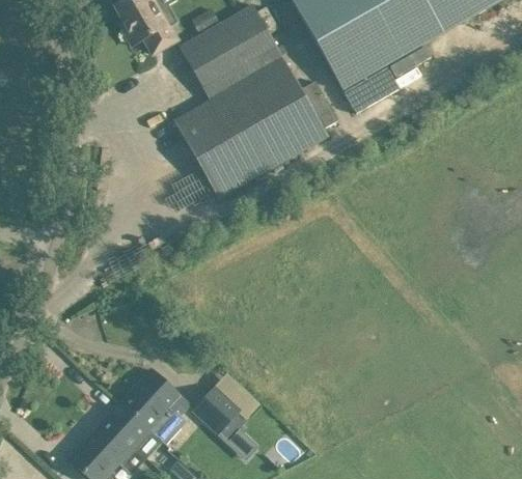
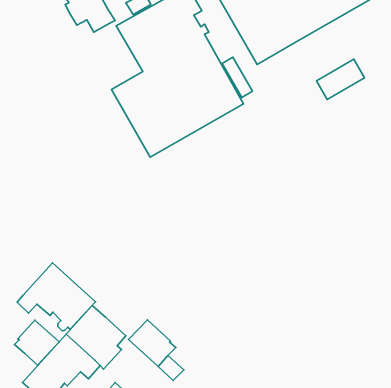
building: [344,65,400,112] -> [316,59,365,99]
building: none -> [17,263,96,331]
building: none -> [14,320,59,365]

